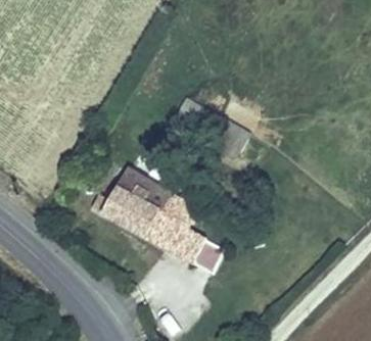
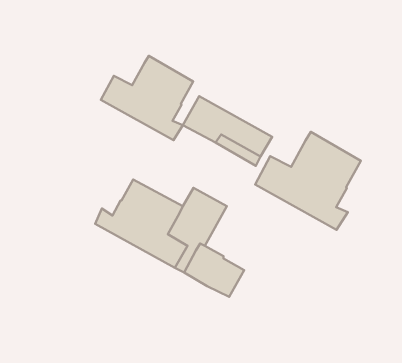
building: none -> [101,56,193,140]
building: none -> [255,132,361,230]

